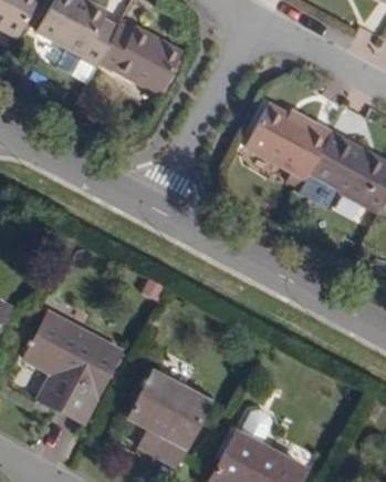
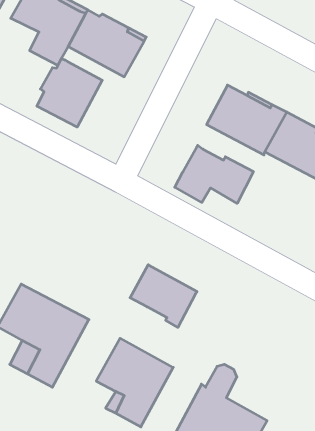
building: none -> [37,58,102,127]
building: none -> [175,145,253,203]
building: none -> [130,265,197,327]

